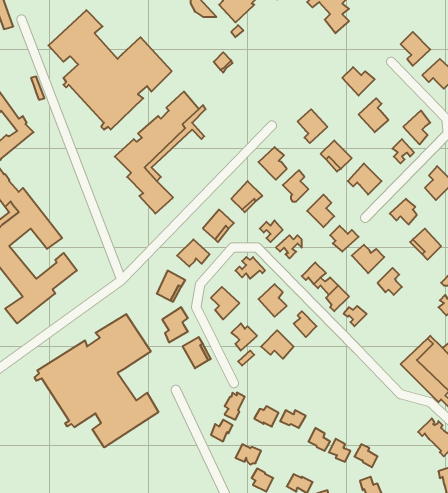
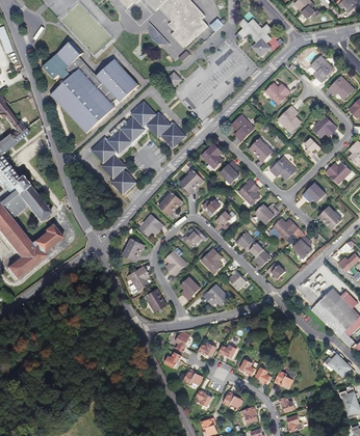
building: none -> [150,114,185,147]
building: [35,314,158,447] -> none

